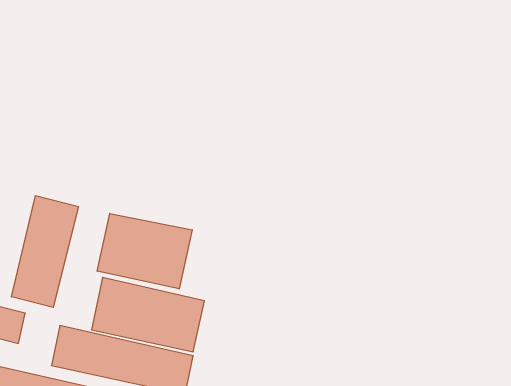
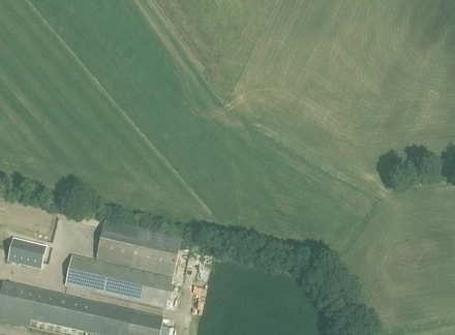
building: [11,196,78,307] -> none
building: [97,213,192,289] -> none

